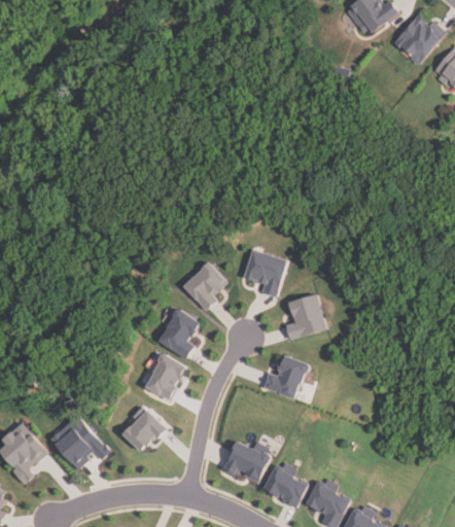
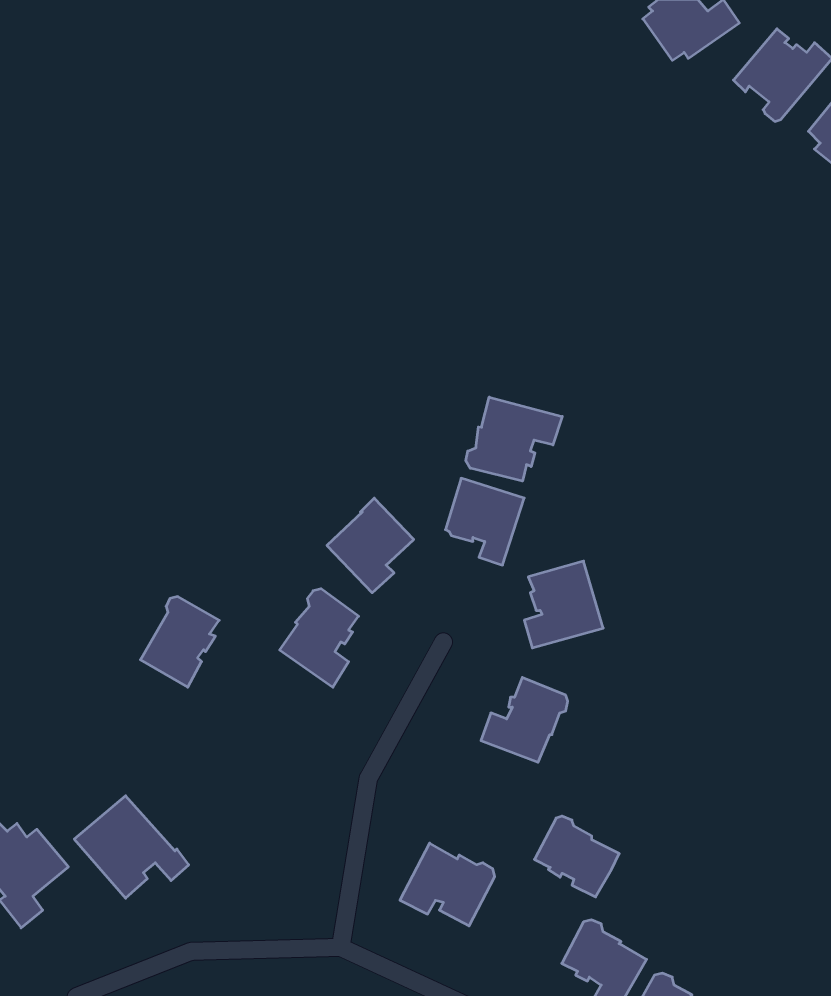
building: none -> [466,397,562,481]
building: [144,353,185,400] -> [140,597,219,687]
building: [122,407,166,450] -> none
building: [262,465,307,507] -> [534,816,619,897]

